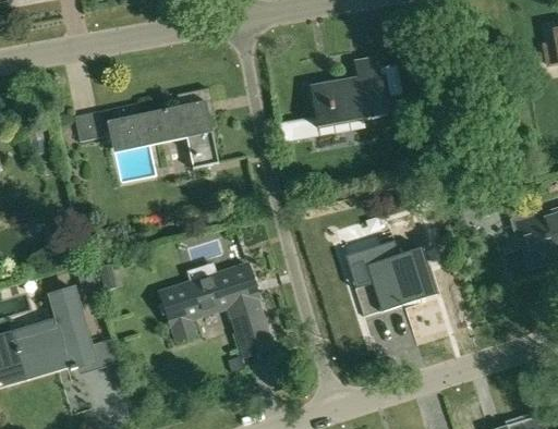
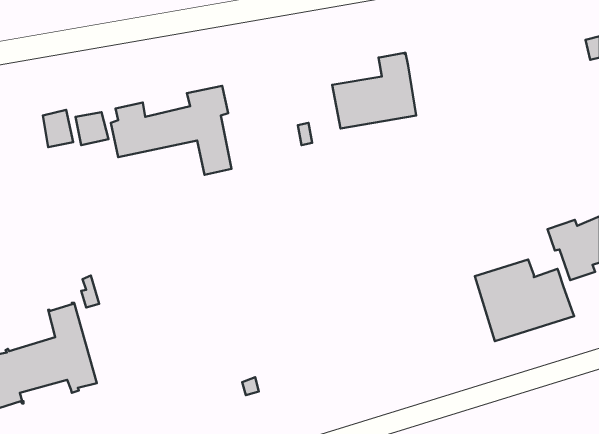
building: none -> [43,110,73,147]
building: [344,240,436,315] -> [475,259,574,341]
building: [159,263,274,356] -> none

